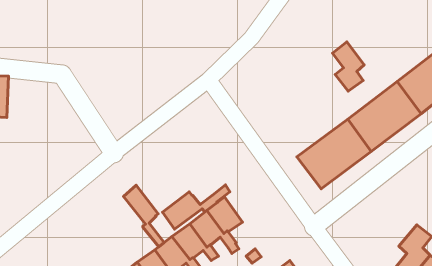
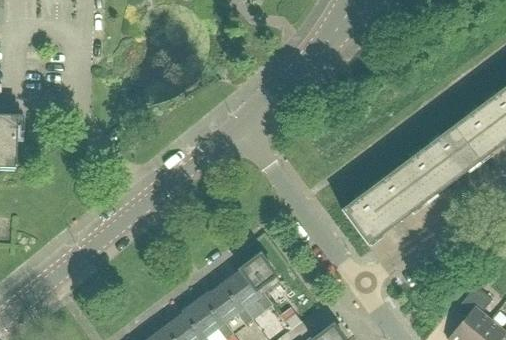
building: [333,42,364,91] -> none
building: [163,185,230,229] -> none
building: [123,185,164,247] -> none

